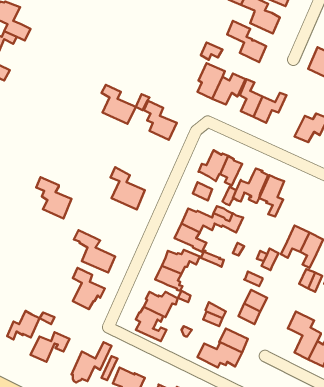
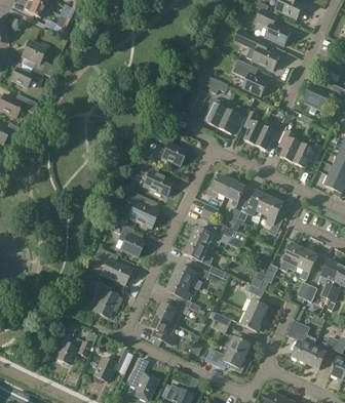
building: [101,85,136,124] -> [142,161,172,196]
building: none -> [278,128,302,162]
building: [36,177,71,218] -> [113,220,145,257]
building: [7,311,40,340] -> none

